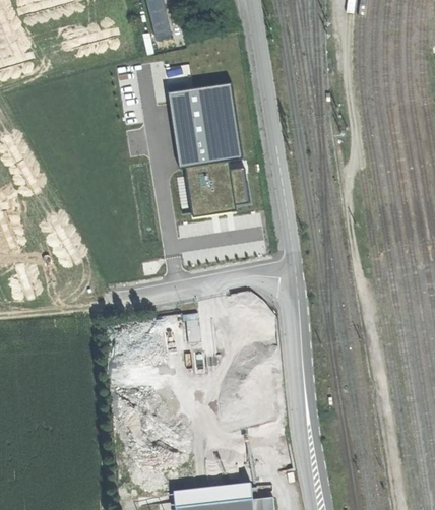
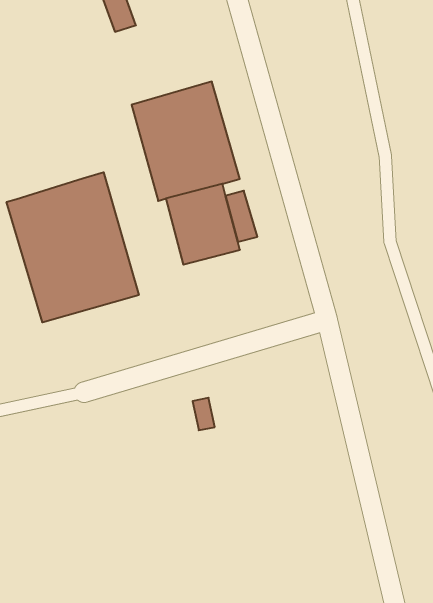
building: none -> [7,172,139,322]

